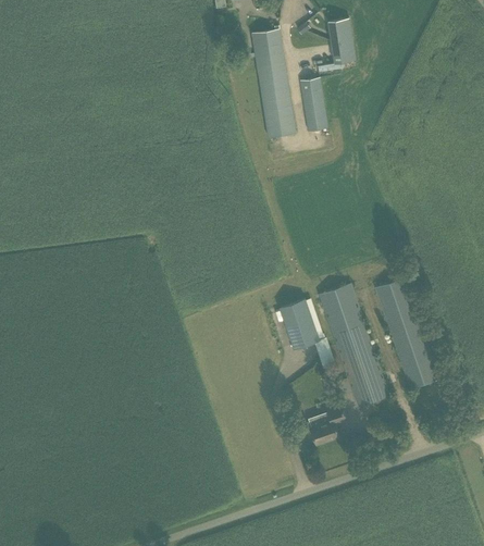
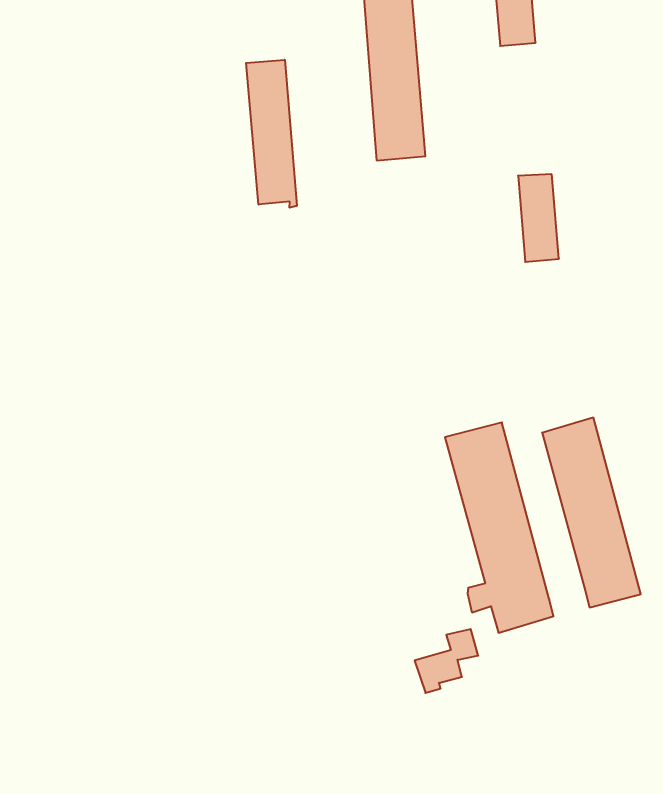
building: [299,79,326,132] -> [518,174,559,262]
building: none -> [246,60,297,208]
building: [280,299,335,369] -> none

